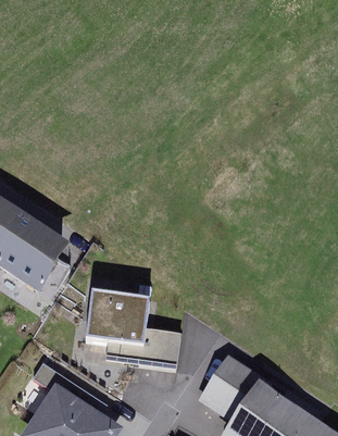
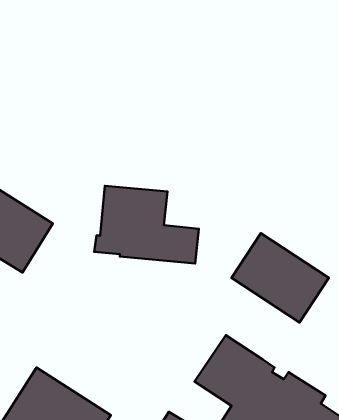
building: none -> [232,233,329,322]
building: [80,290,178,363] -> [94,186,199,264]

